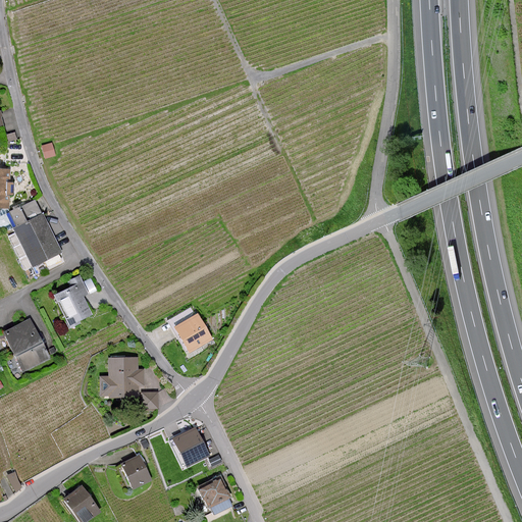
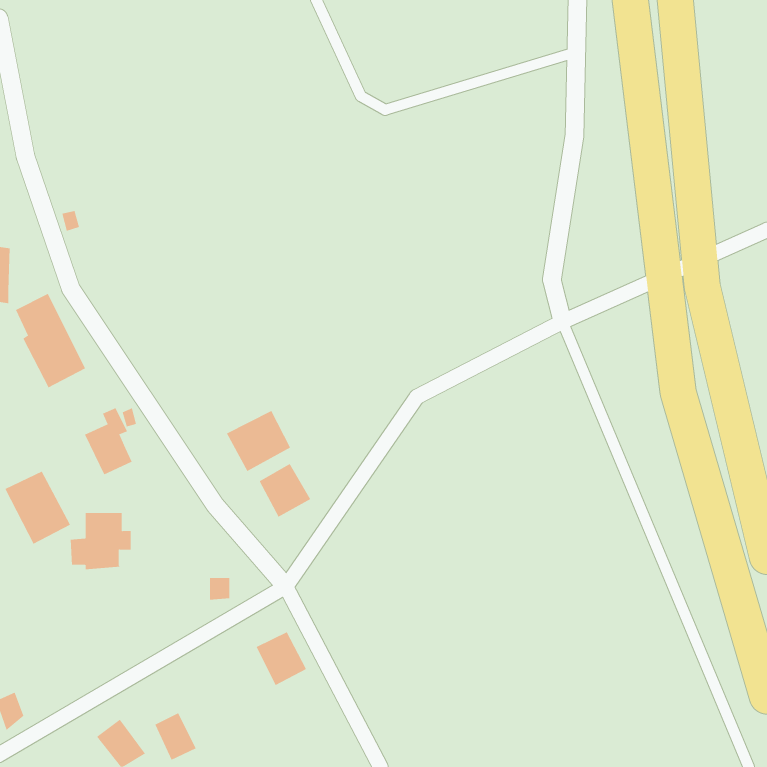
building: none -> [226,410,291,472]
building: [100,358,142,397] -> [70,513,131,570]
building: [121,455,150,487] -> [155,713,197,761]
building: [198,478,229,507] -> none

